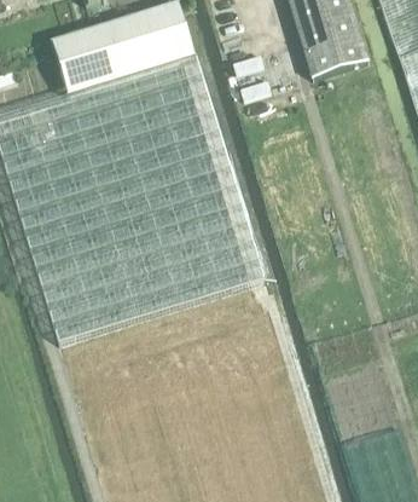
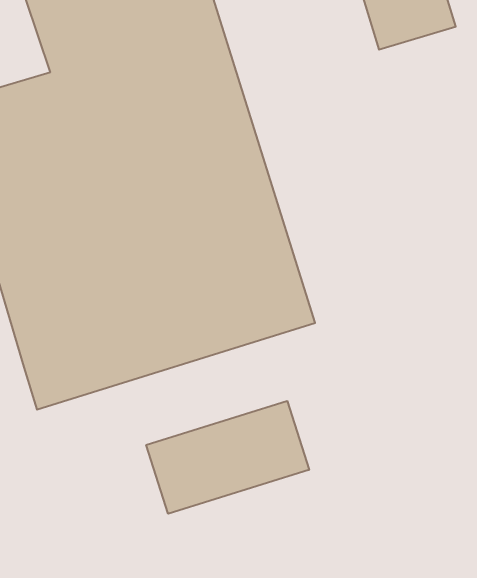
building: none -> [146,401,309,514]

